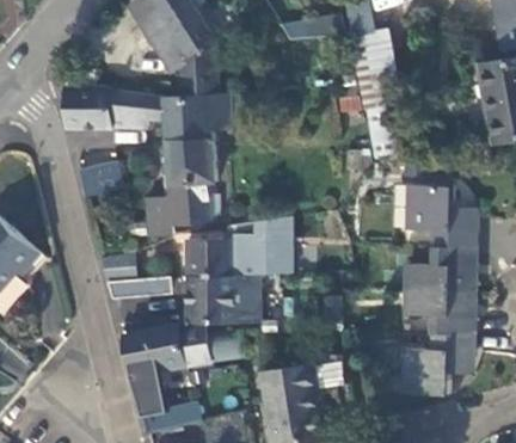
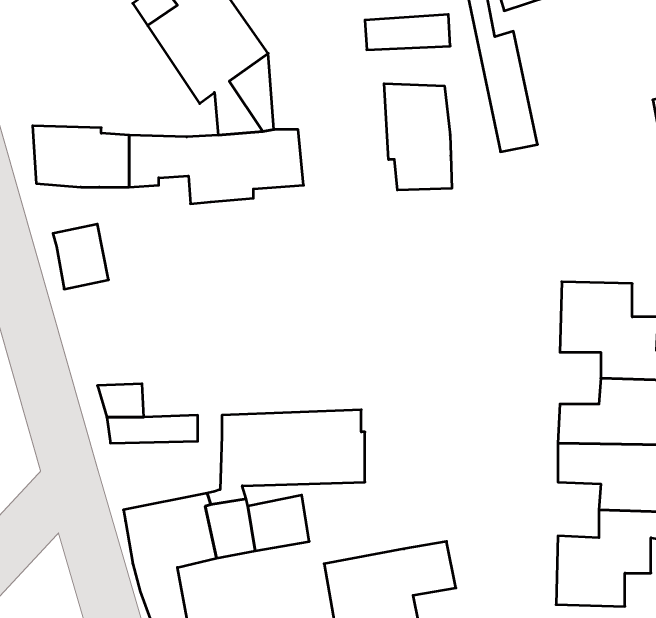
building: none -> [384,84,452,190]
building: [153,134,213,223] -> none
building: [189,213,291,273] -> none

